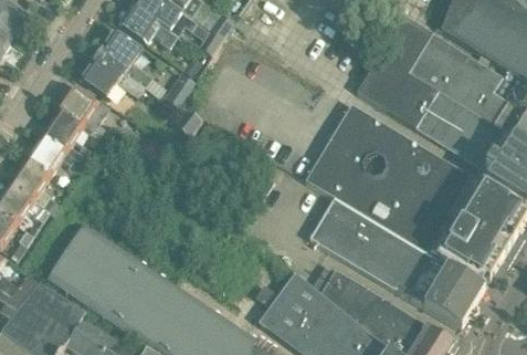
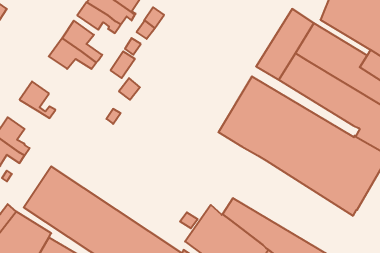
building: [59,87,108,138] -> none
building: [27,136,87,175] -> none
building: [304,179,484,330] -> none

